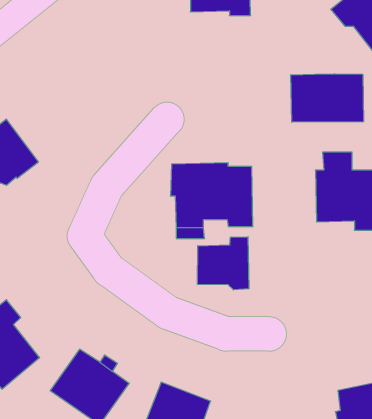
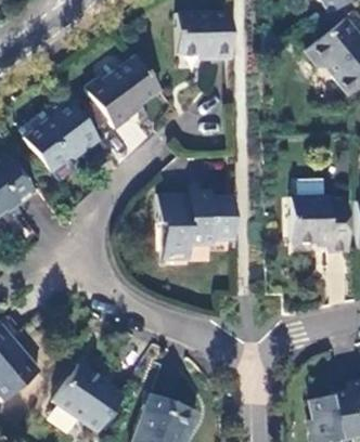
building: none -> [83,56,159,129]
building: none -> [26,94,102,172]
building: [291,74,364,122] -> none
building: [198,237,249,290] -> none

